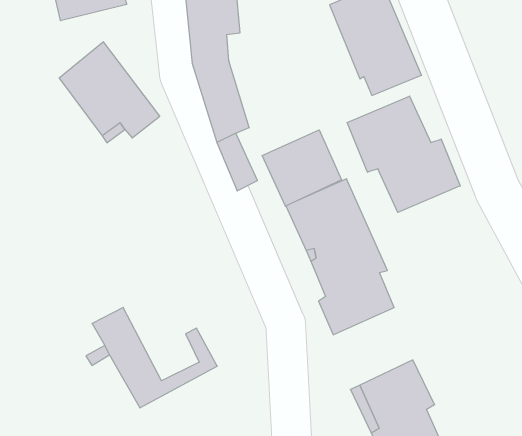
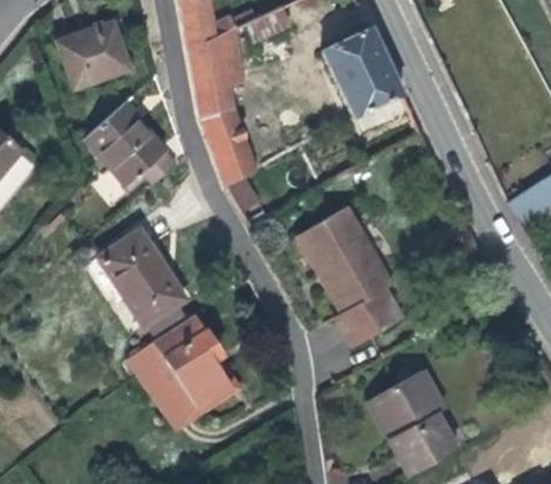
building: [347,96,460,212] -> none
building: [262,130,341,206] -> none
building: none -> [107,229,190,323]
building: none -> [154,313,227,403]

